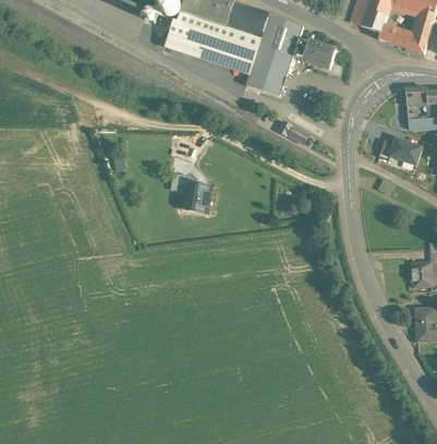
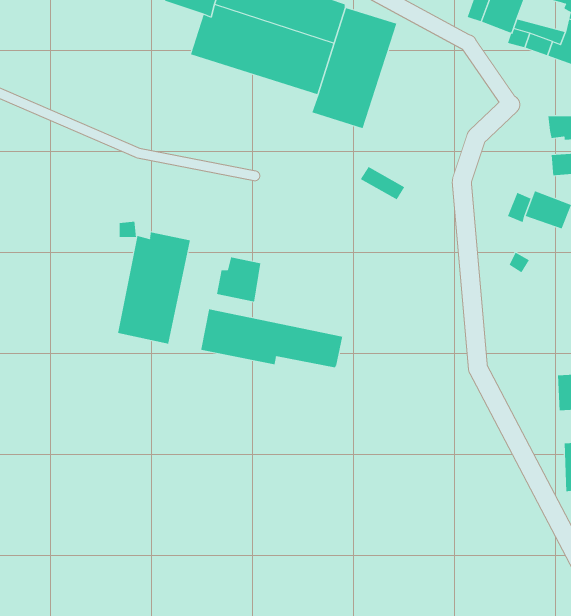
building: [294,38,337,69] -> none
building: none -> [118,232,190,344]
building: none -> [200,308,343,368]

